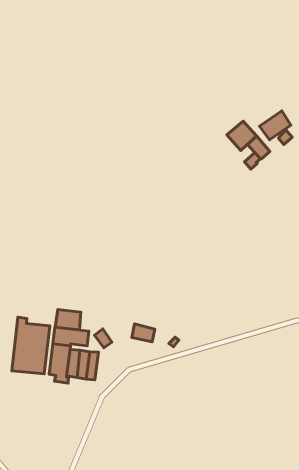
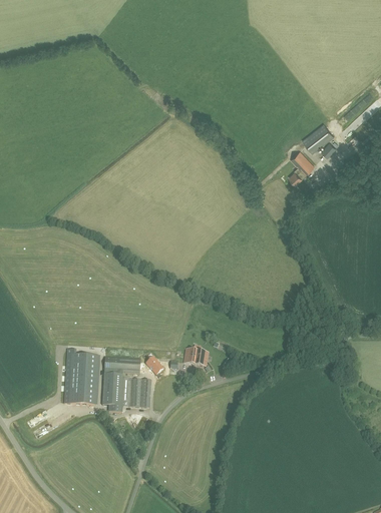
building: [227,121,257,150] -> none
building: [55,310,81,330] -> none

